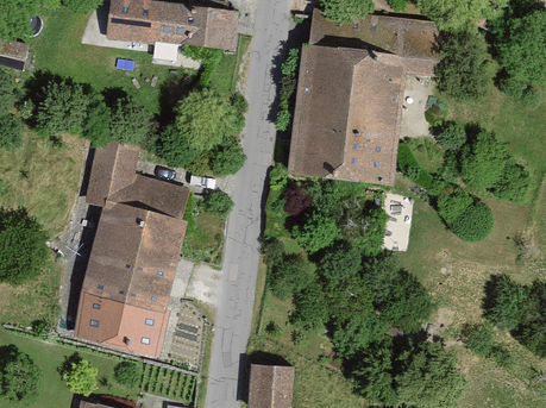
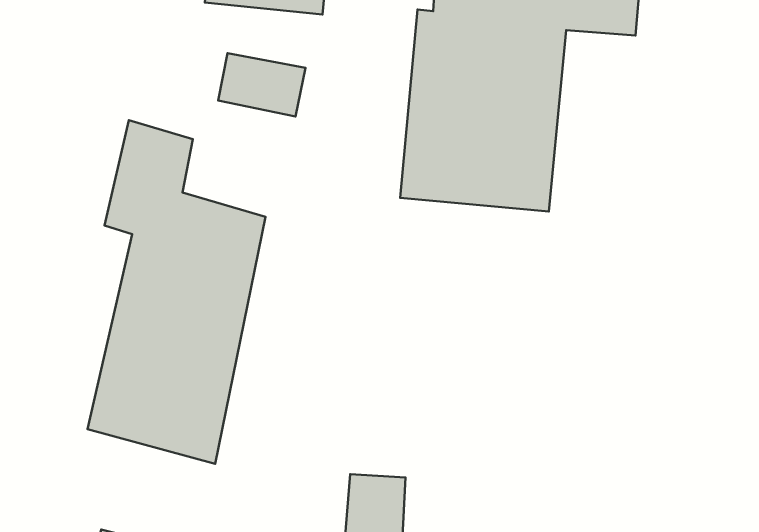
building: none -> [218,53,305,117]

